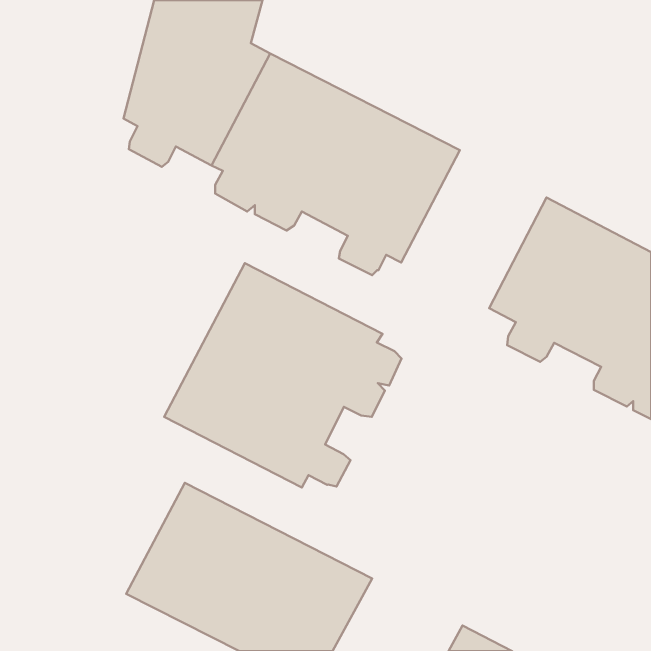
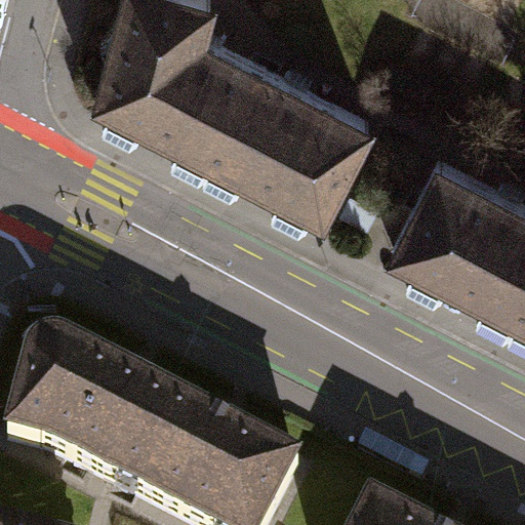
building: [164,263,402,487] -> none
building: none -> [8,344,149,478]

